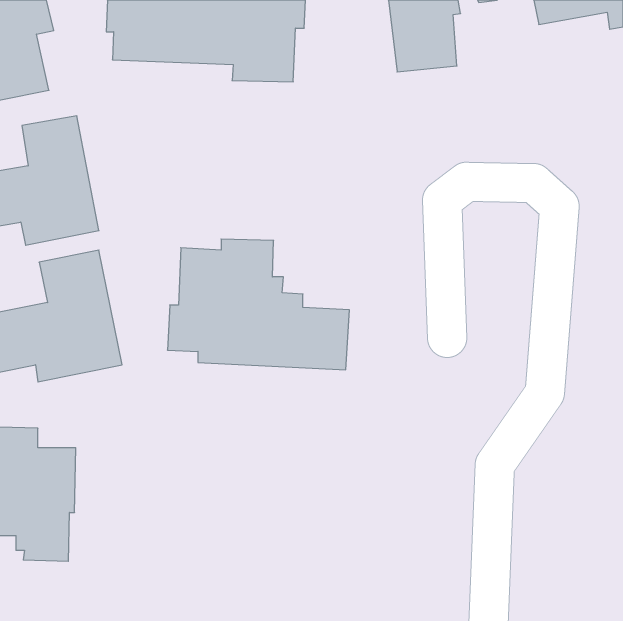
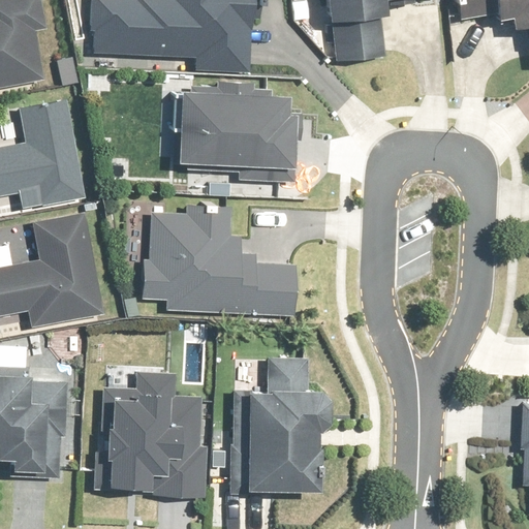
building: none -> [179,82,300,183]
building: none -> [247,357,333,493]
building: none -> [96,371,206,498]

